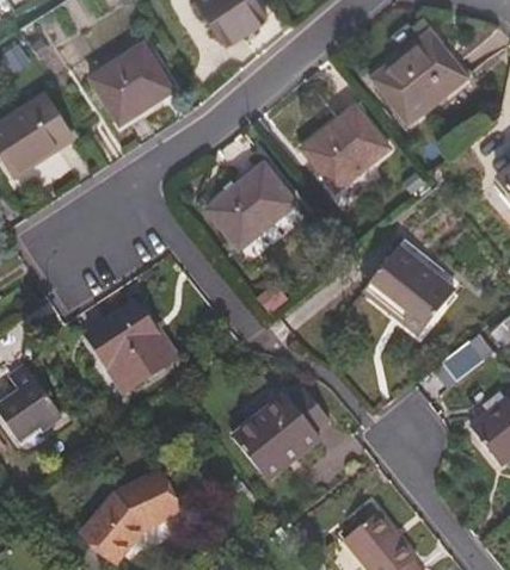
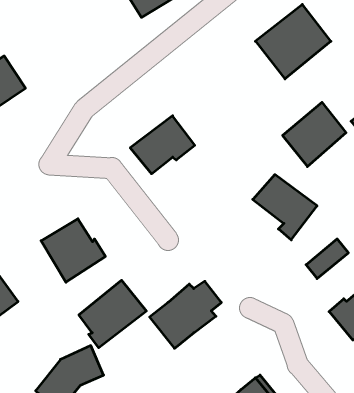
building: [92,44,173,120] -> none
building: [303,106,386,190] -> [283,102,346,167]
building: none -> [79,280,146,348]

